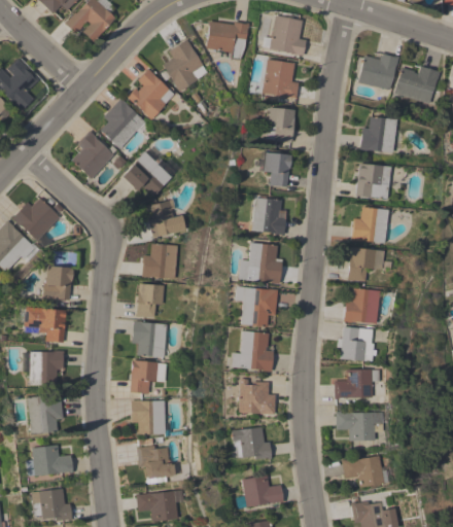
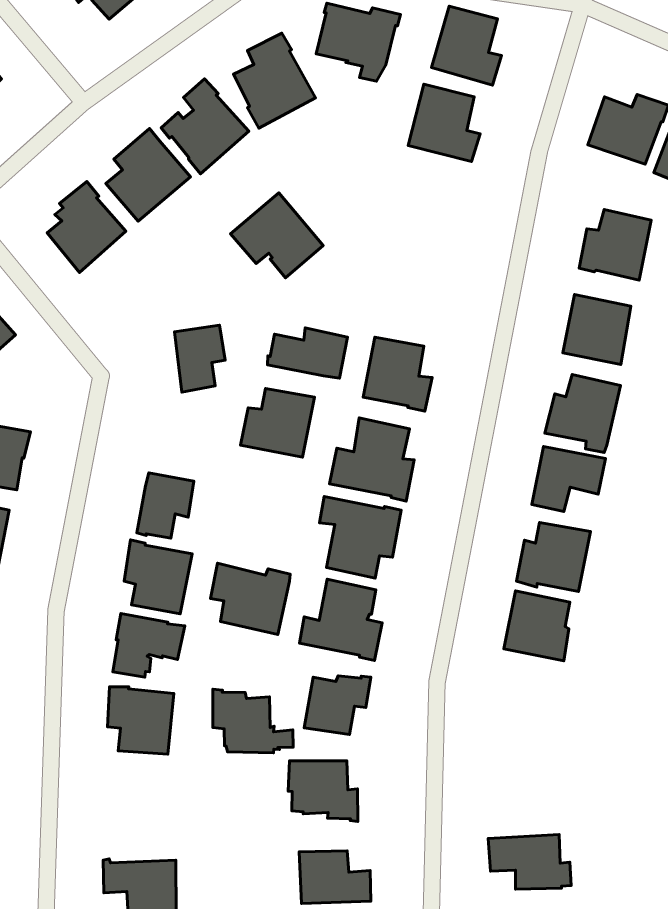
building: [266,107,295,142] -> none
building: [121,151,172,197] -> [231,193,323,278]
building: [264,152,291,186] -> none
building: none -> [268,328,347,378]
building: [142,244,179,279] -> [241,388,314,457]
building: none -> [210,563,290,634]
building: [335,370,382,399] -> none
building: [337,412,385,441] -> none
building: [137,446,183,479] -> [213,689,293,753]

